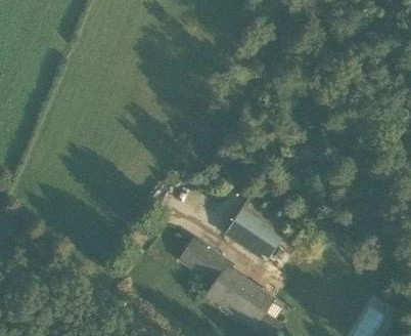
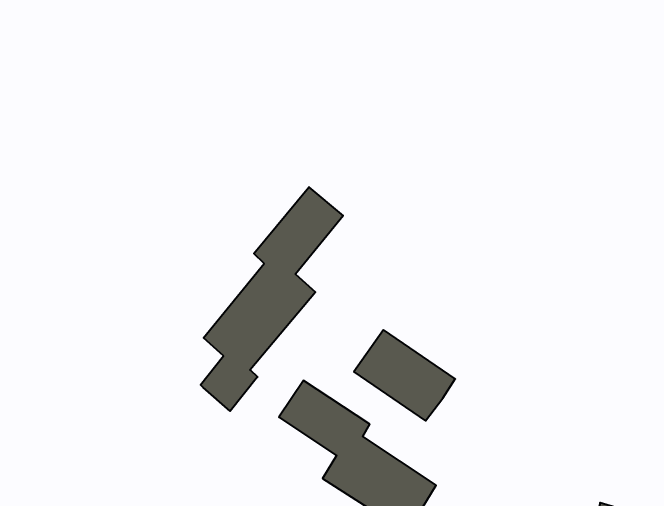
building: none -> [201,187,343,411]

